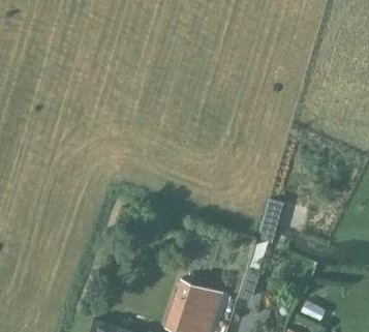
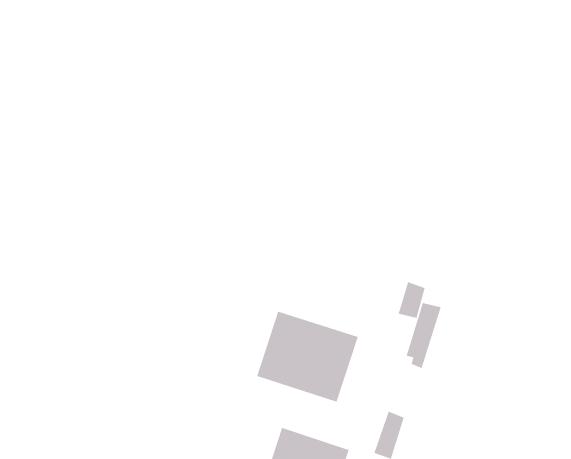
building: none -> [256,311,358,402]

